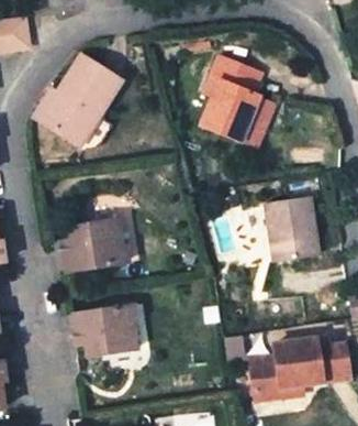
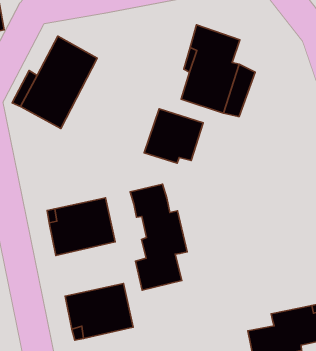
building: none -> [144,109,203,163]
building: [268,196,318,260] -> none
building: none -> [130,184,187,290]

